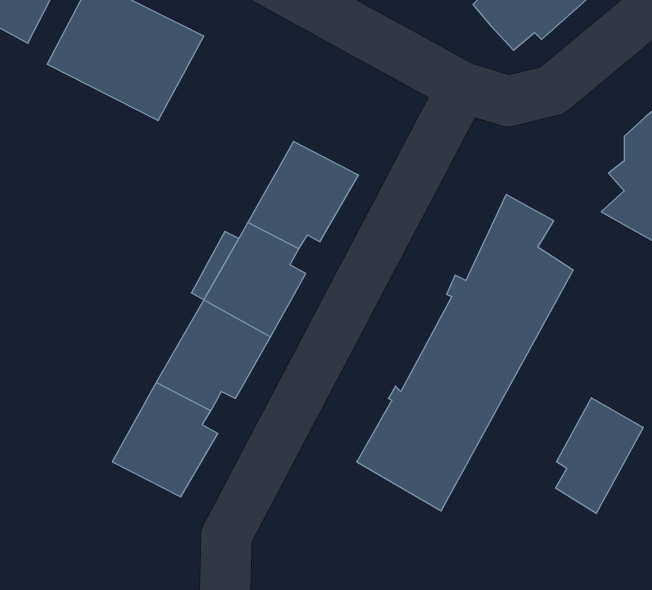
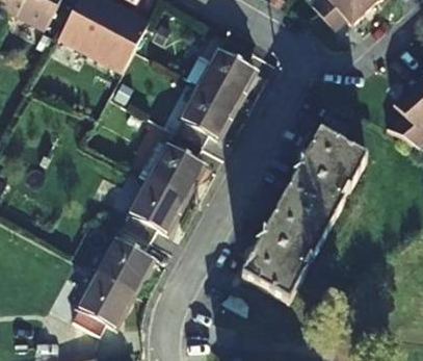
building: none -> [201,38,258,106]
building: [556,398,643,514] -> none
building: none -> [69,276,134,337]

